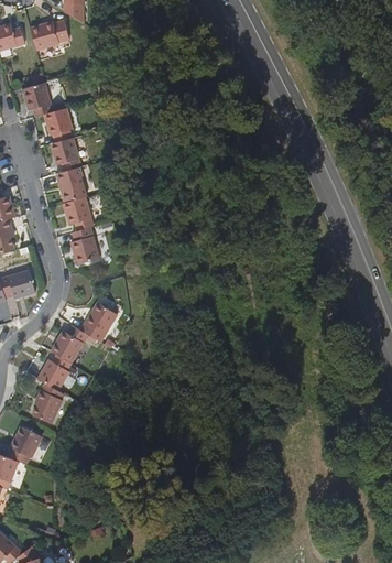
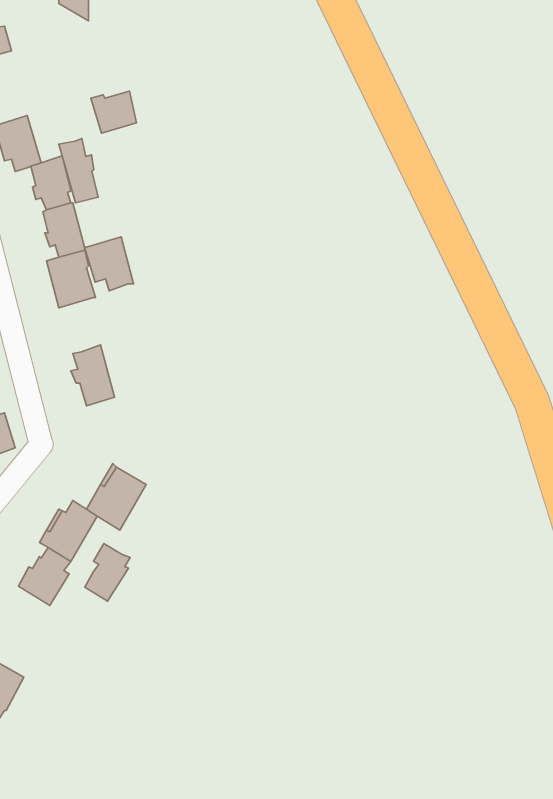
building: [39,20,67,46] -> [91,91,136,133]
building: none -> [59,139,98,203]
building: [63,196,94,230] -> [85,237,134,291]
building: [35,383,64,420] -> [85,544,130,601]

